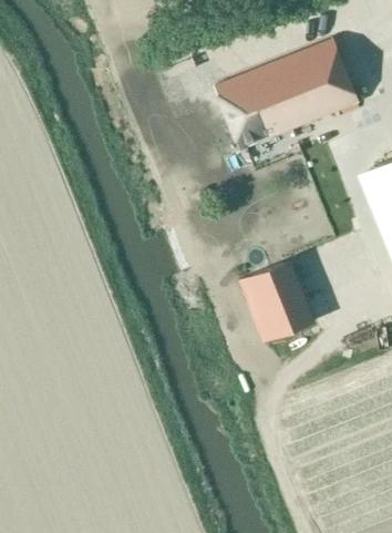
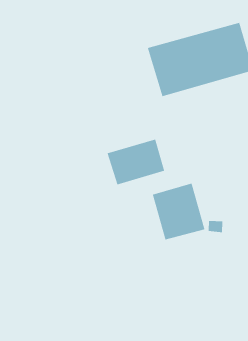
building: none -> [106,139,165,185]

